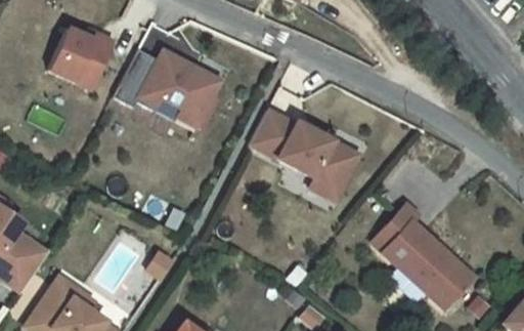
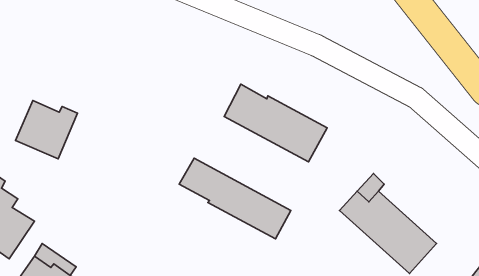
building: [50,26,116,87] -> [16,101,78,159]
building: [116,48,219,125] -> none
building: none -> [179,158,291,239]

